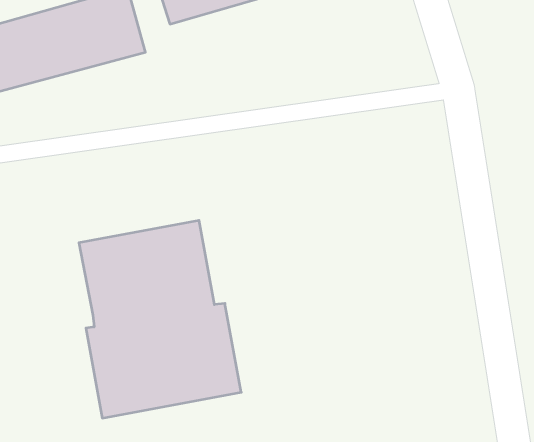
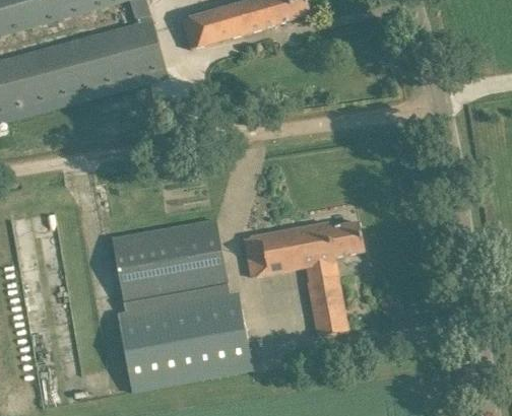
building: none -> [244,221,364,335]

